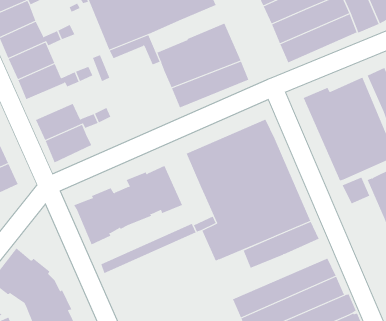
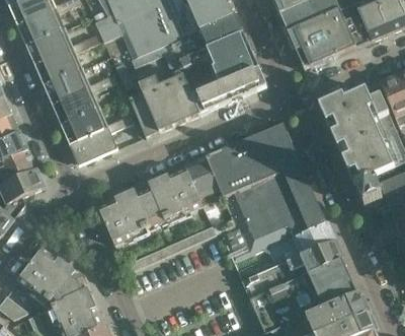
building: none -> [199,14,243,47]
building: none -> [129,71,199,137]
building: none -> [52,89,97,125]
building: none -> [185,156,220,199]
building: none -> [242,240,342,297]

